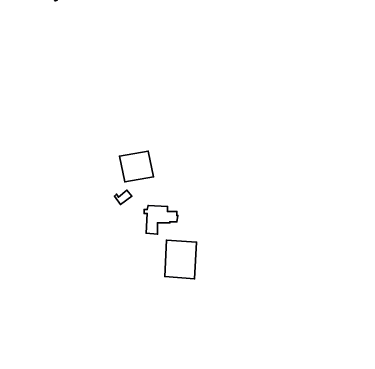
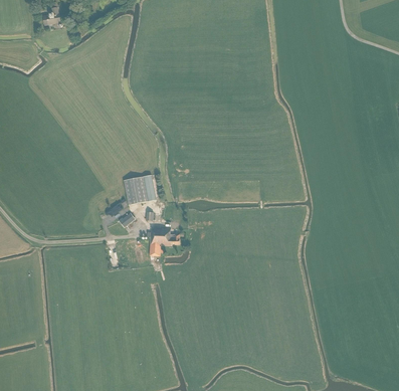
building: [165,240,196,279] -> none

